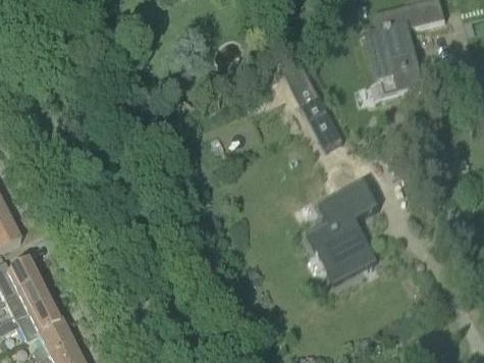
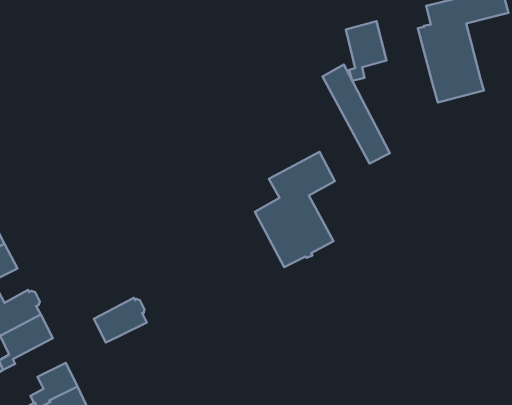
building: none -> [346,21,387,81]
building: [308,180,377,280] -> [255,152,335,267]
building: [16,301,62,340] -> [94,298,147,342]

